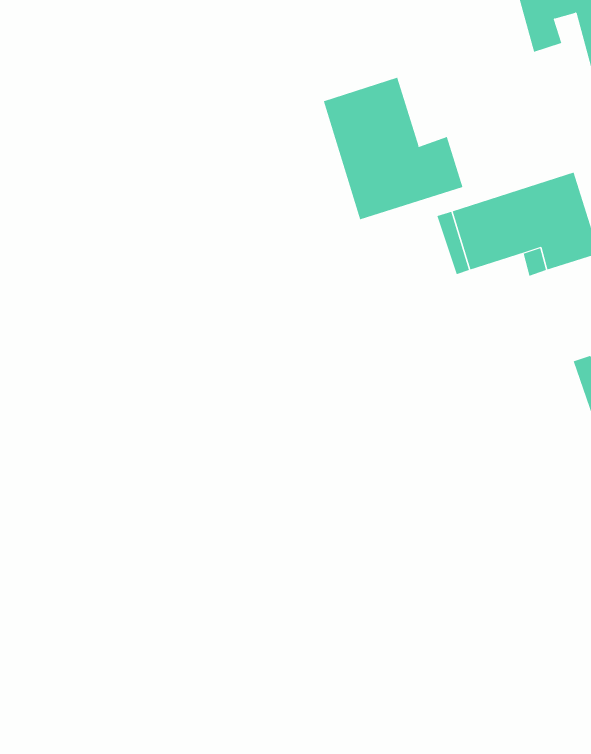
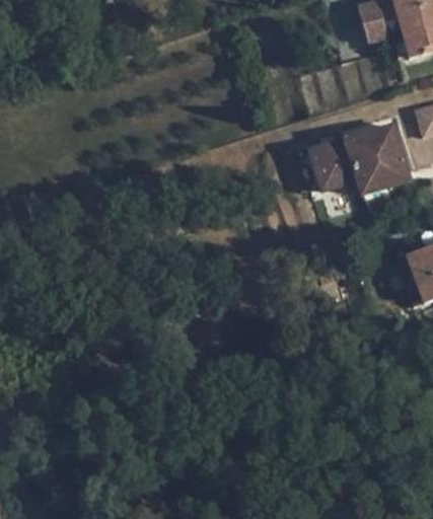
building: [323,77,463,220] -> none

